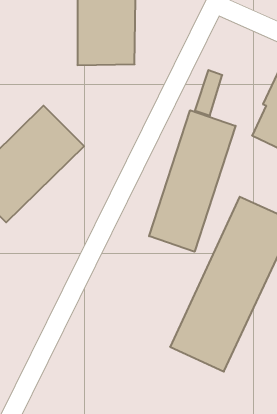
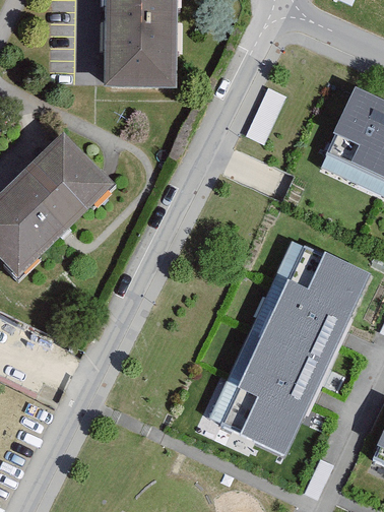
building: [149,110,236,252] -> none

